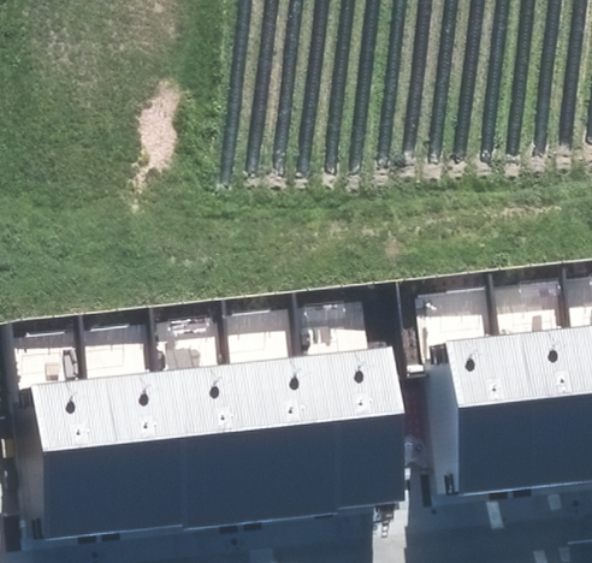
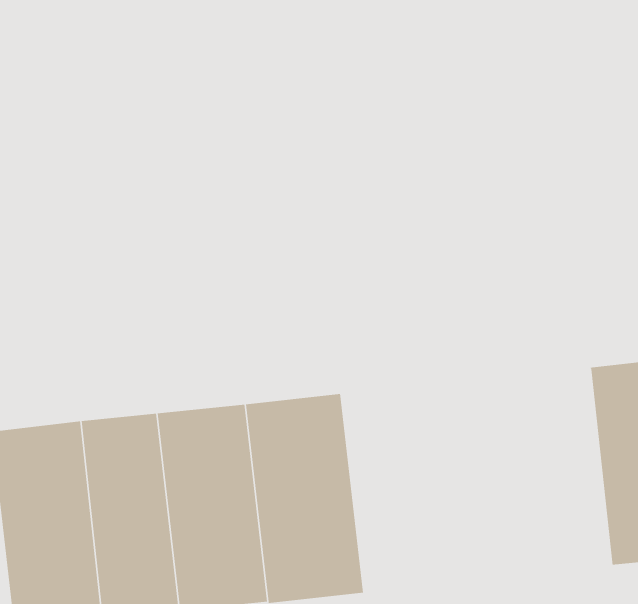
building: [436,334,522,498] -> none
building: [308,345,403,511] -> none

